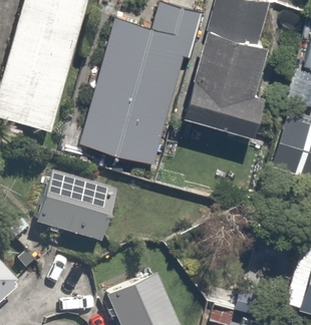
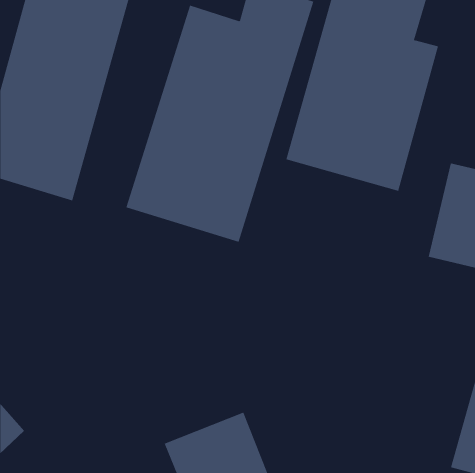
building: [32,169,115,241] -> none

